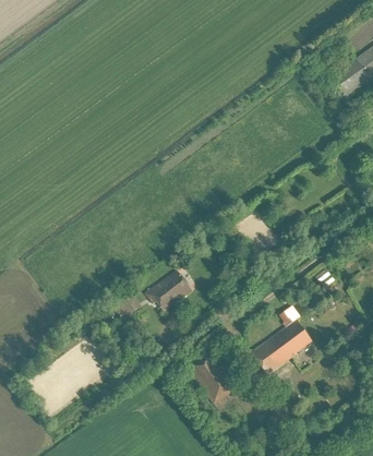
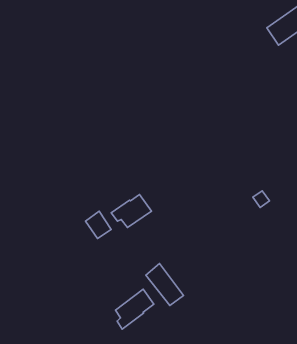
building: [253,311,311,372] -> none
building: none -> [116,289,154,329]

